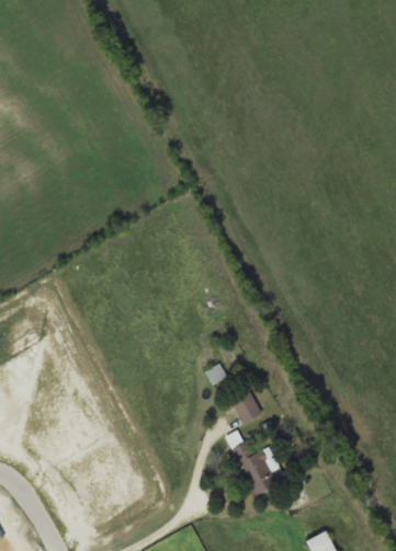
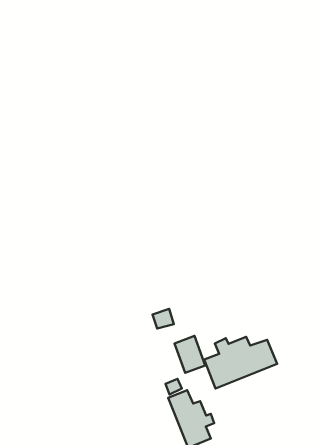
building: none -> [204,337,277,389]

